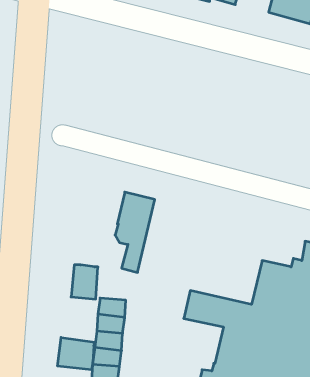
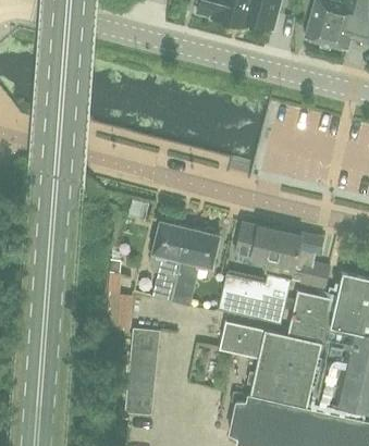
building: none -> [218,223,330,319]
building: none -> [172,228,219,306]
building: [58,337,95,370] -> none

